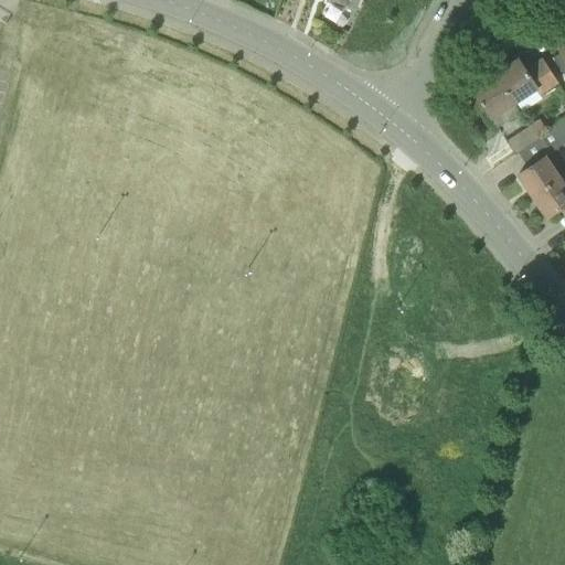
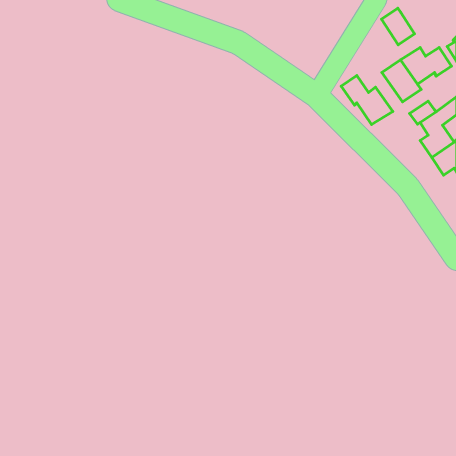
building: none -> [381,8,414,45]
building: none -> [341,76,393,125]

